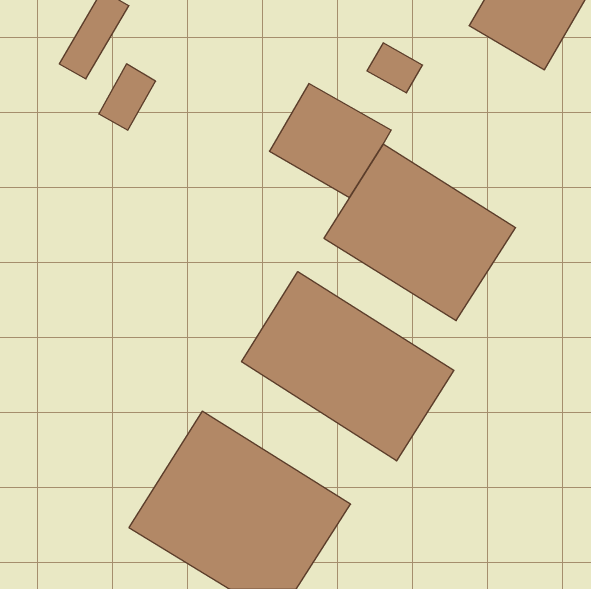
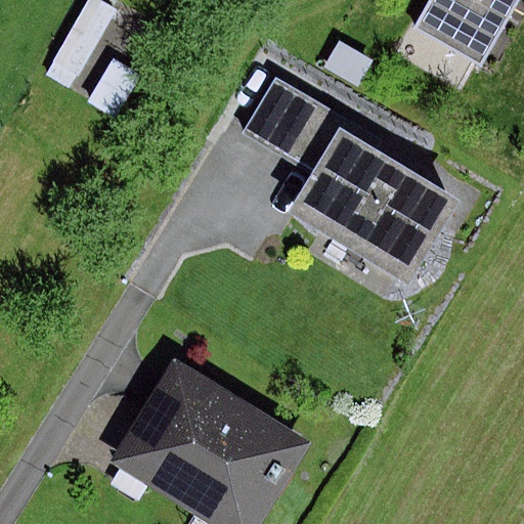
building: [242,272,454,461] -> none

